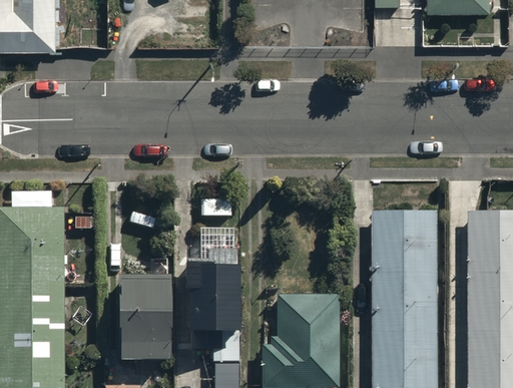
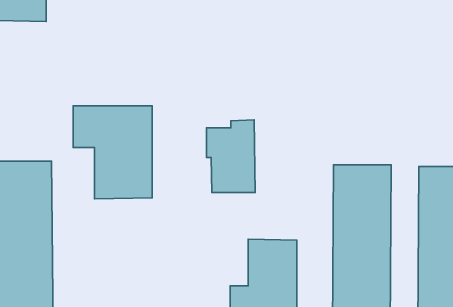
building: none -> [73,106,152,199]
building: [183,249,237,330] -> [207,120,255,192]
building: [120,276,169,358] -> none

